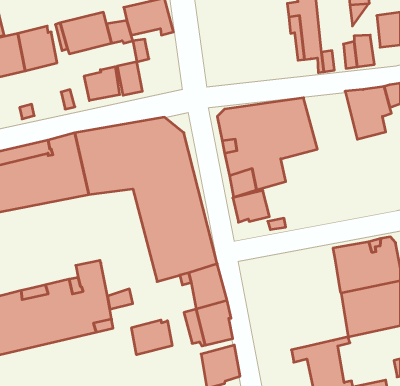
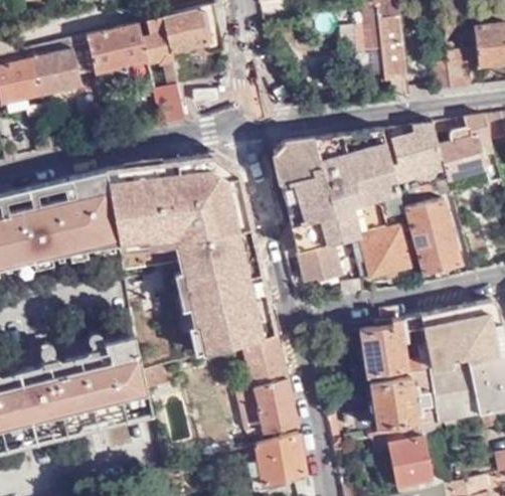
building: [84,67,120,101] -> none
building: none -> [383,122,450,193]
building: none -> [404,200,462,276]
building: none -> [359,227,412,281]
building: none -> [360,316,423,378]
building: none -> [371,378,431,438]
building: [132,320,172,355] -> none

